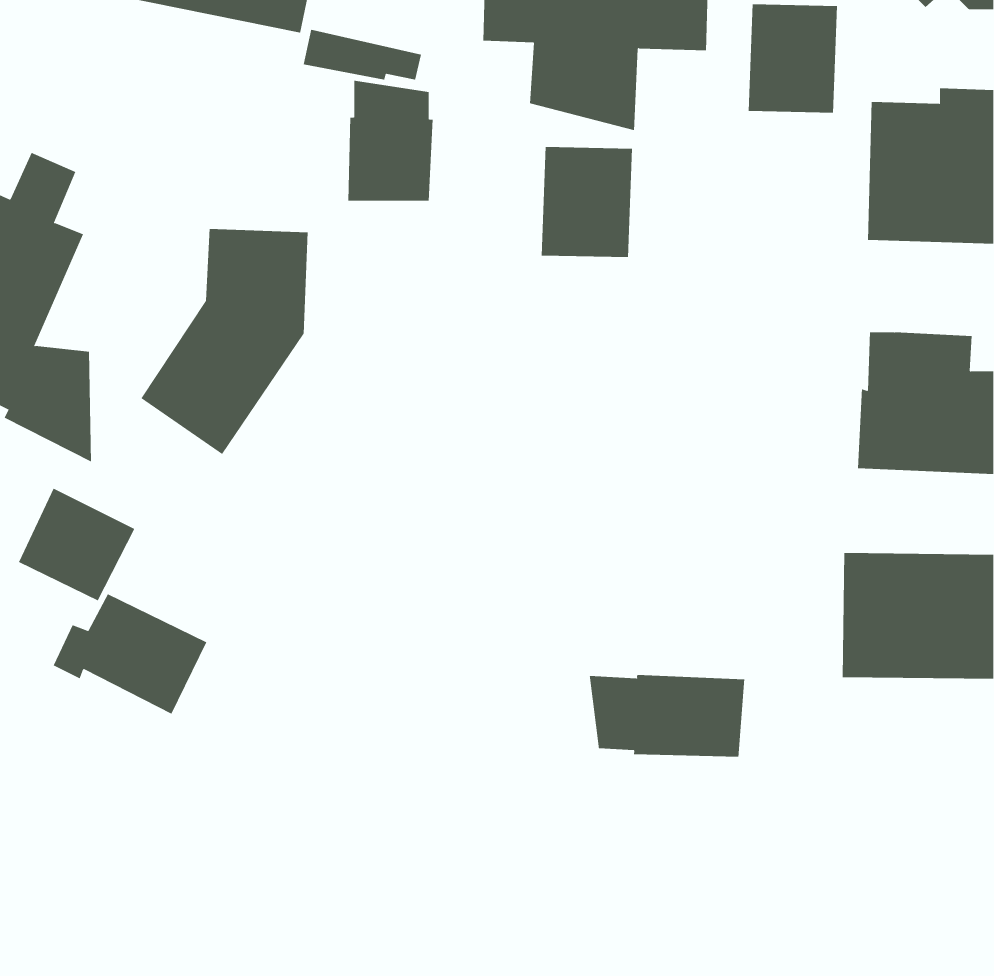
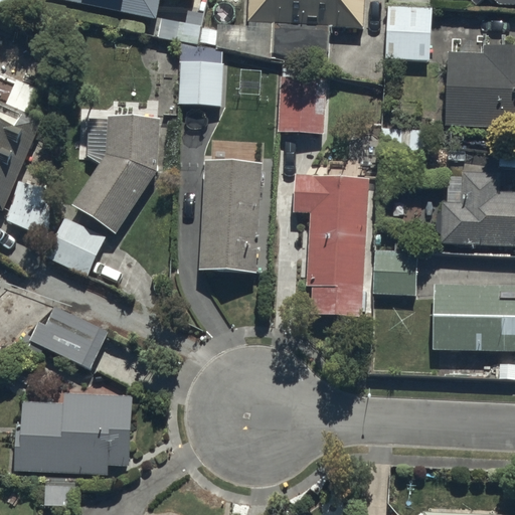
building: none -> [200,163,262,273]
building: none -> [296,177,368,319]
building: [18,488,135,601] -> [45,215,106,274]
building: none -> [372,252,416,292]
building: [589,674,745,757] -> none
building: none -> [14,392,133,474]

